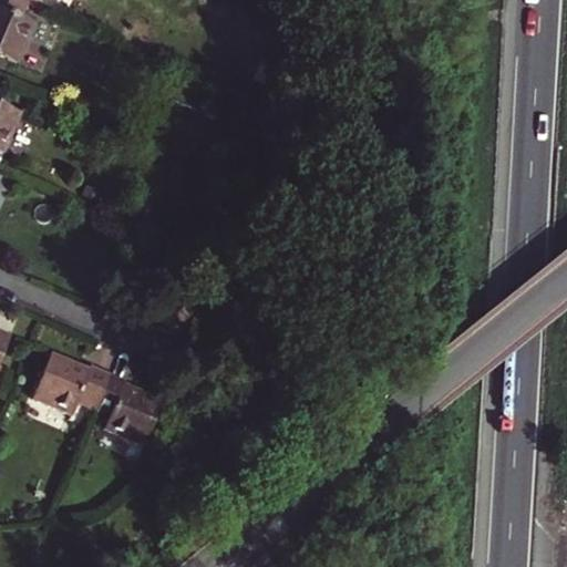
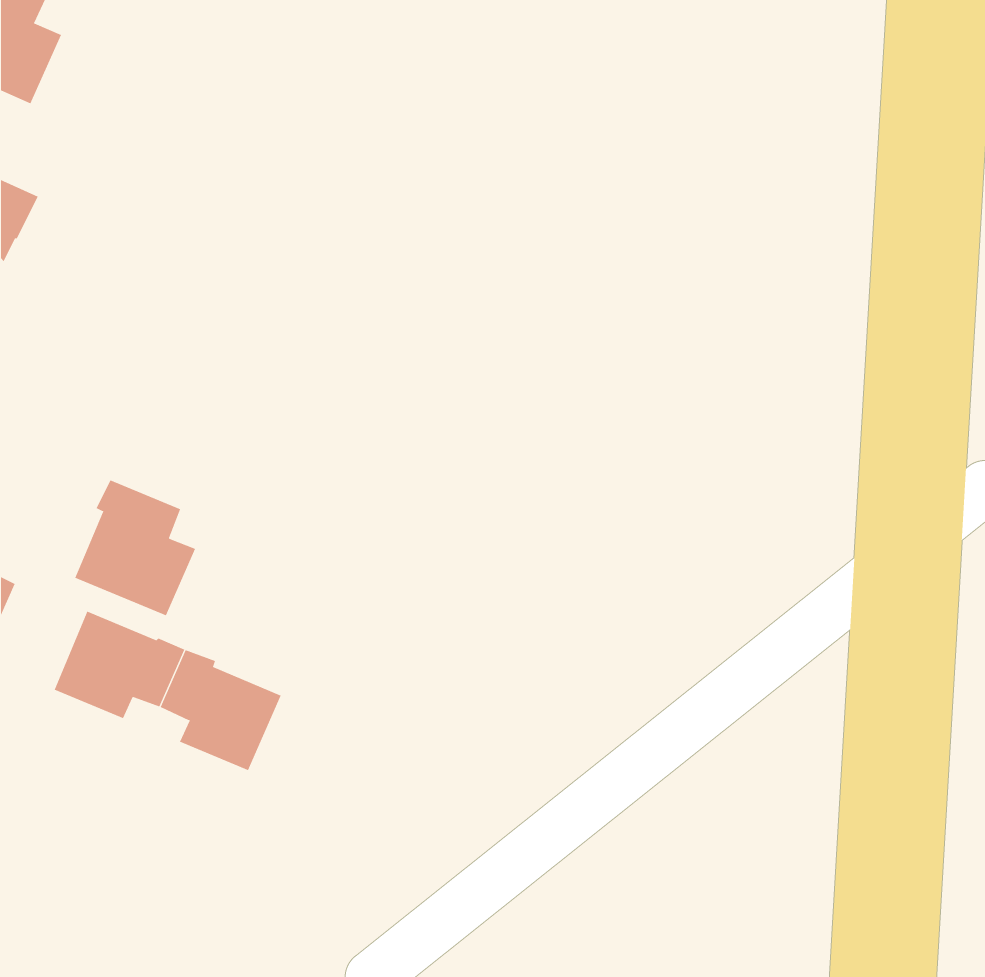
building: none -> [74,479,196,616]

